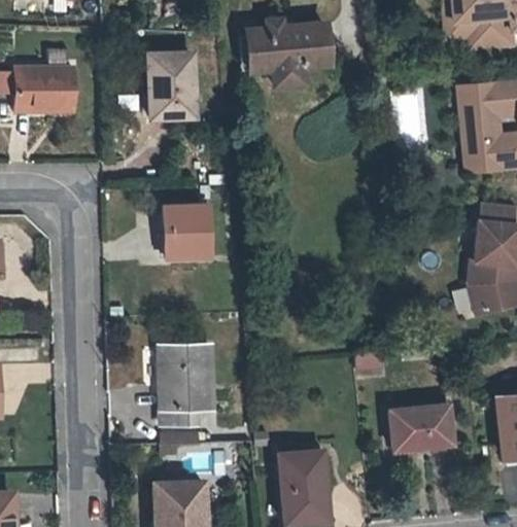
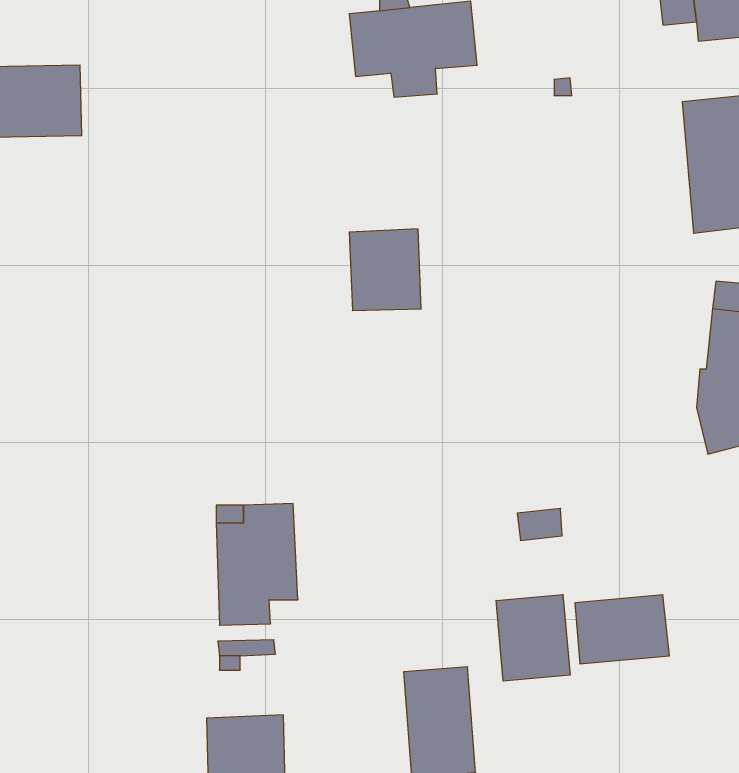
building: [148,52,194,116] -> none
building: [163,205,209,257] -> [349,229,421,311]
building: none -> [496,594,570,681]

